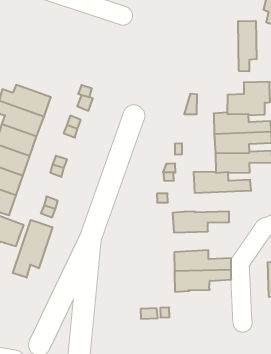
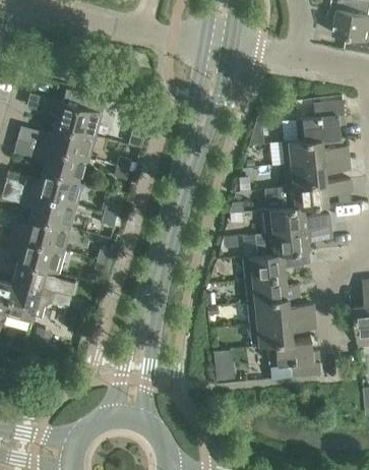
building: [238,21,256,71] -> none
building: none -> [46,89,106,136]
building: none -> [254,226,331,255]
building: [13,220,52,278] -> none
building: none -> [246,276,299,302]
building: none -> [267,338,320,376]

